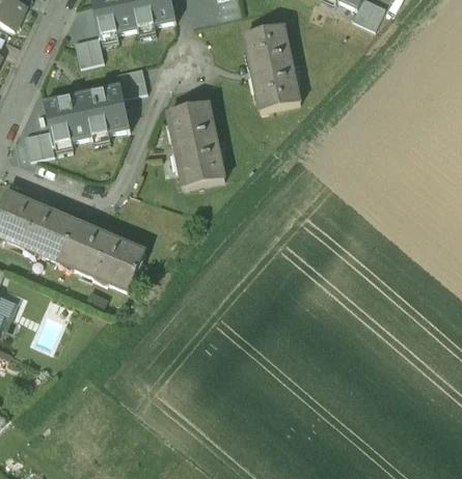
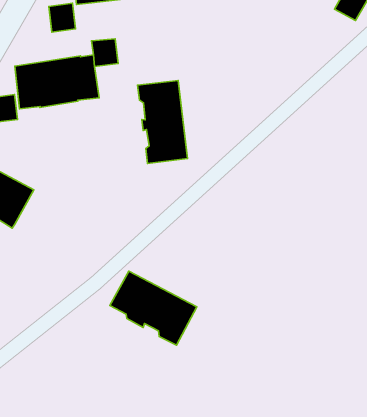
building: [241,25,298,109] -> none
building: [59,220,144,288] -> [110,271,197,345]

